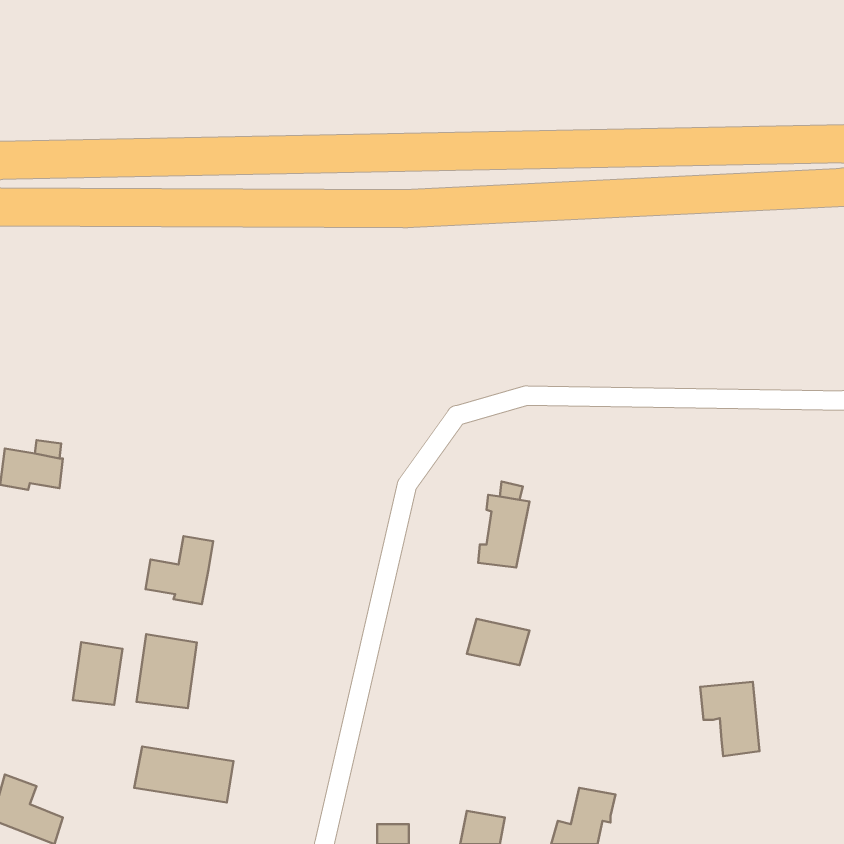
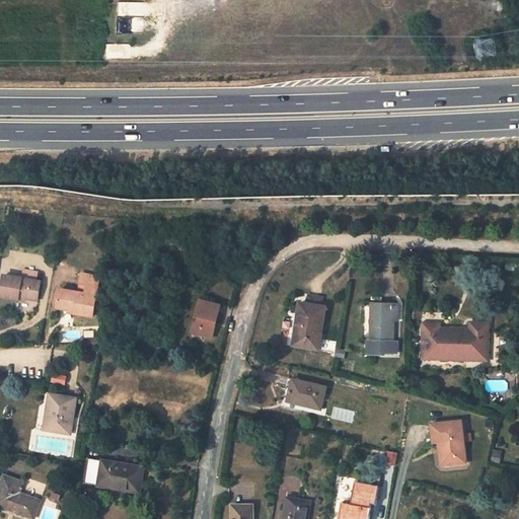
building: none -> [191,300,219,337]
building: none -> [366,302,397,355]
building: none -> [421,322,488,361]
building: [145,536,213,604] -> [57,275,98,316]
building: [137,634,197,708] -> none

